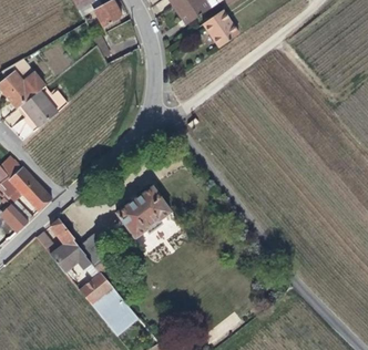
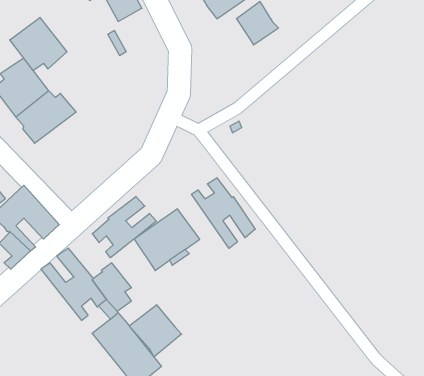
building: none -> [10,17,67,70]
building: none -> [191,178,255,248]
building: none -> [92,196,156,258]
building: none -> [129,305,182,357]

